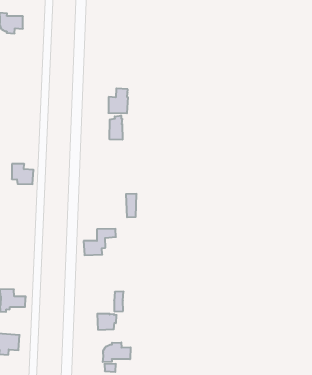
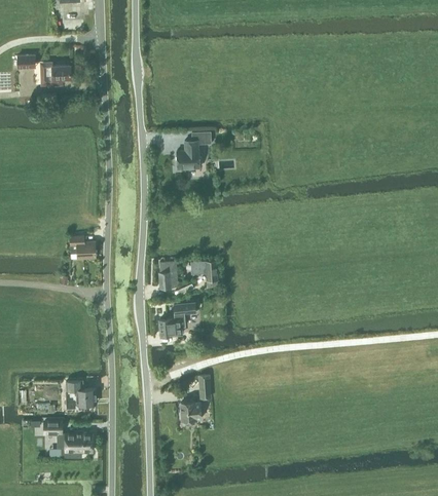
building: [110,115,122,140] -> none
building: none -> [159,261,178,288]
building: [103,342,131,362] -> none

